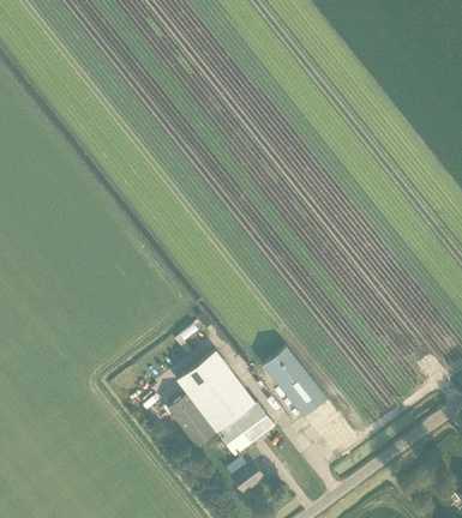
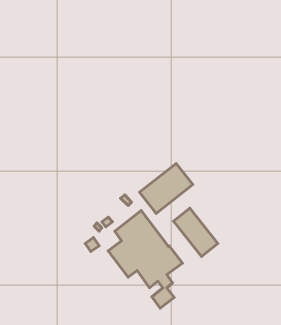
building: none -> [140,163,193,213]

